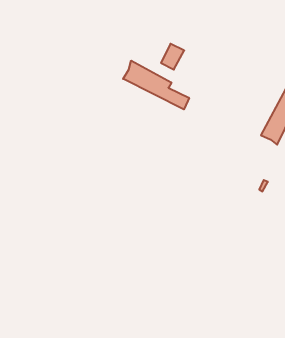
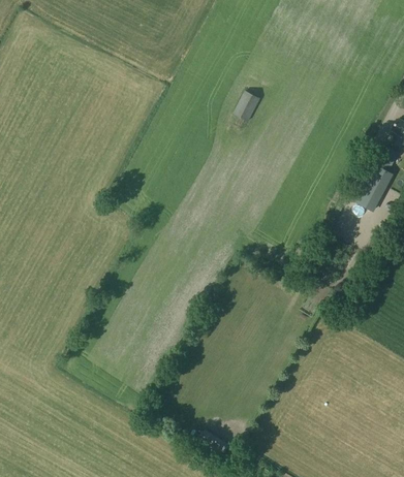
building: [123,61,189,109] -> none

